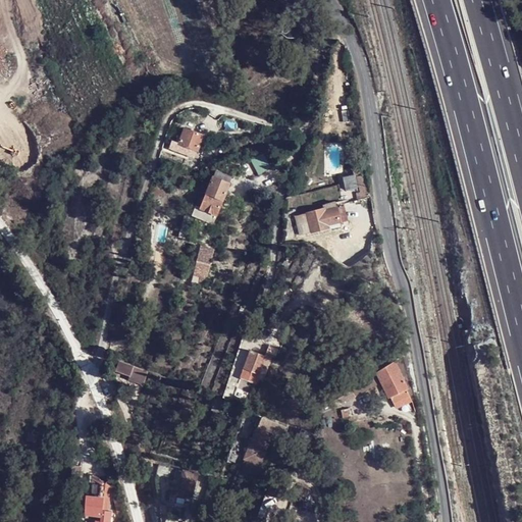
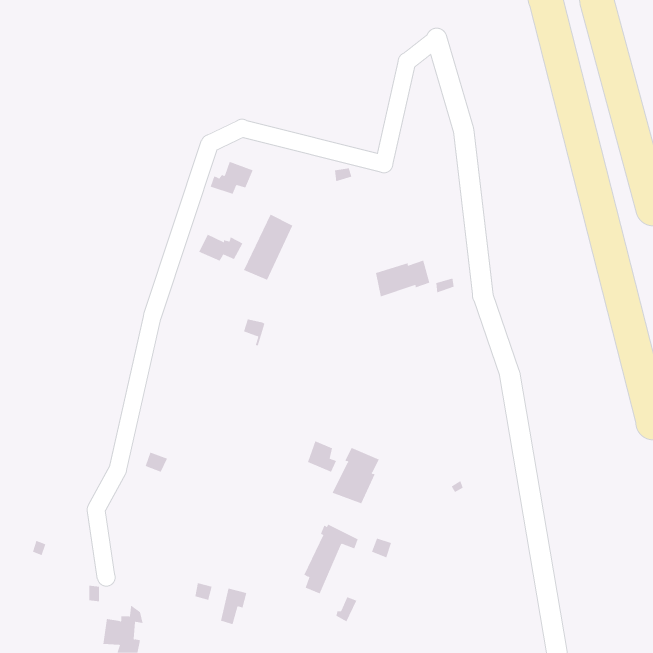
building: none -> [199,234,243,261]
building: none -> [332,447,379,504]
building: [375,363,408,404] -> none

